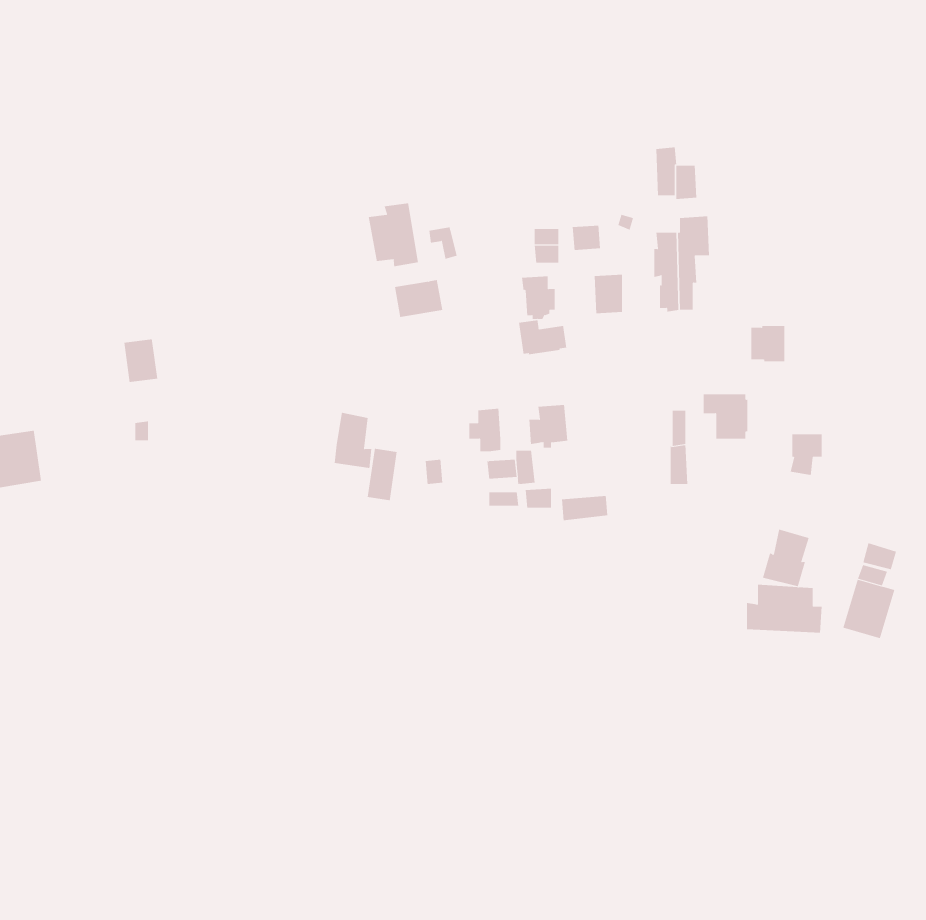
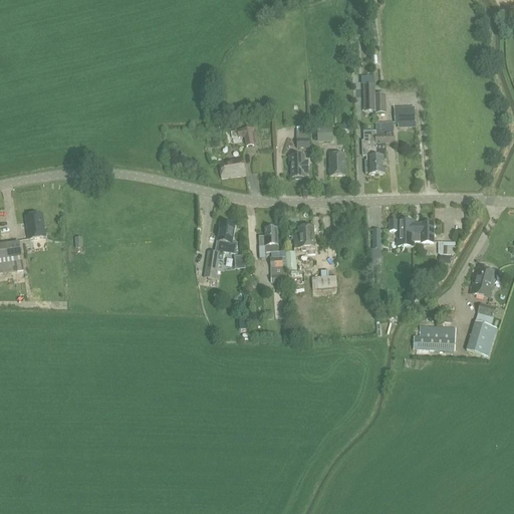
building: none -> [394,104,416,125]
building: [368,203,419,267] -> none
building: [518,319,567,355] -> none
building: [751,325,785,362] -> [414,220,433,240]
building: [124,339,158,383] -> [25,212,44,236]
building: [334,412,372,468] -> [215,220,236,251]
building: [762,529,809,587] -> [469,264,495,296]

